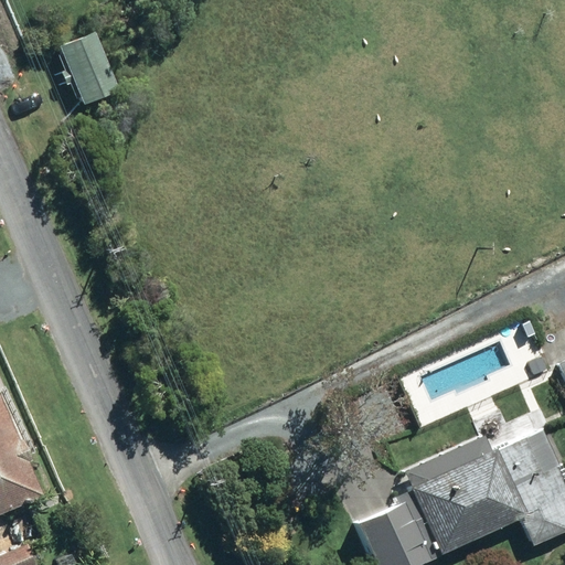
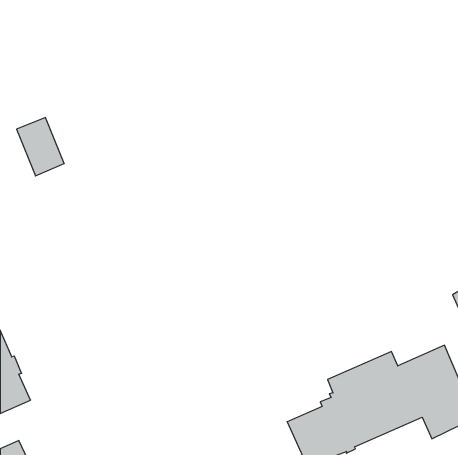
building: [57,32,116,104] -> [17,118,64,176]

